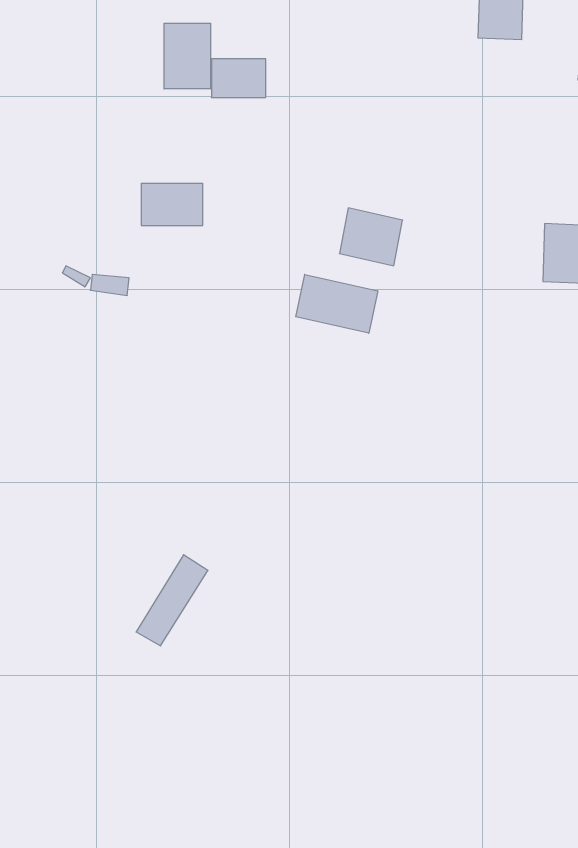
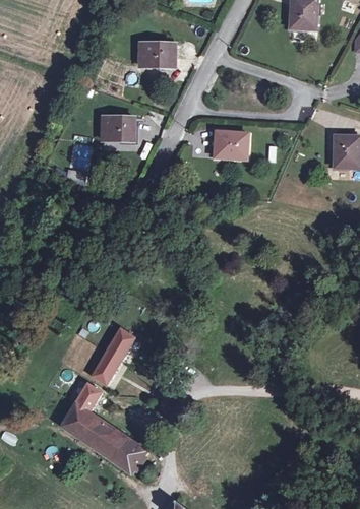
building: [164,23,210,89] -> none
building: [296,274,378,333] -> none
building: none -> [64,384,147,473]

